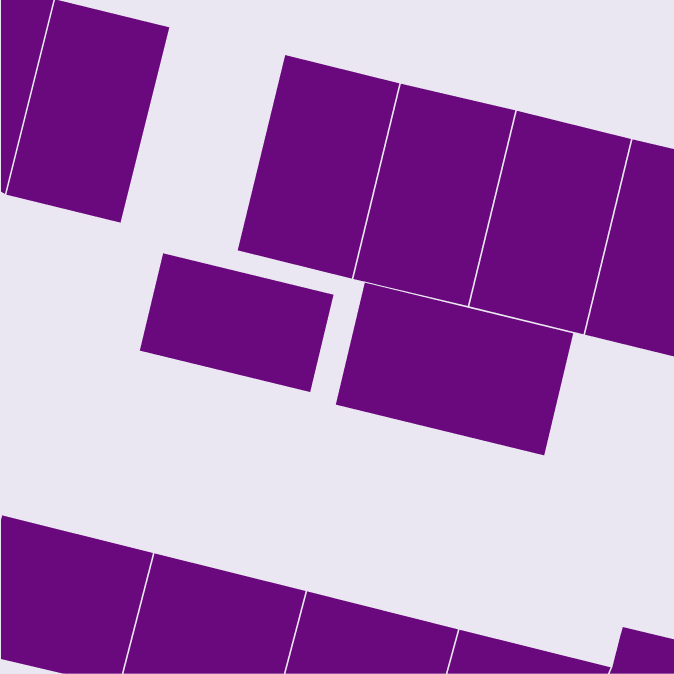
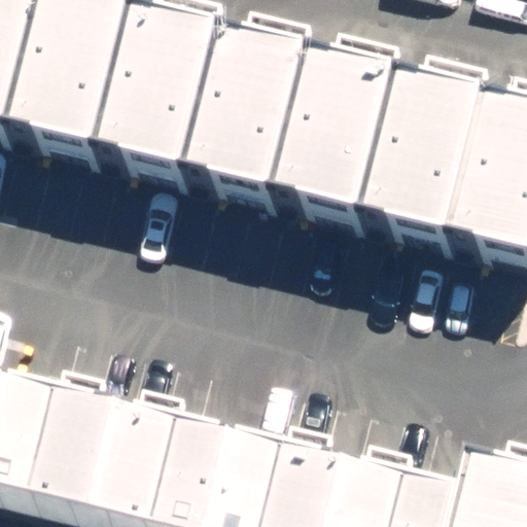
building: none -> [108,21,232,189]
building: [139,252,334,393] -> none
building: [335,282,574,456] -> none

